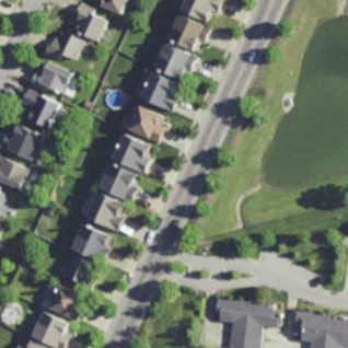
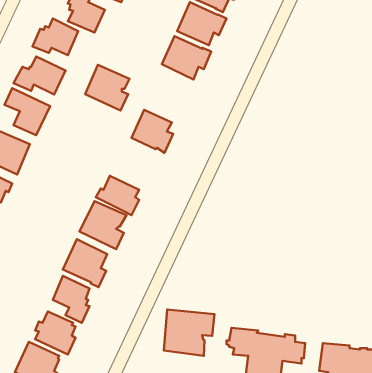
building: [143,74,182,114] -> [85,65,129,111]
building: [114,137,153,176] -> none
building: none -> [164,310,215,356]

